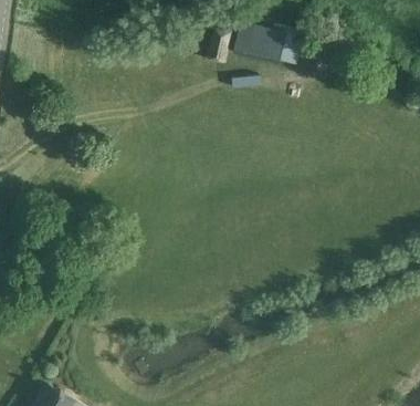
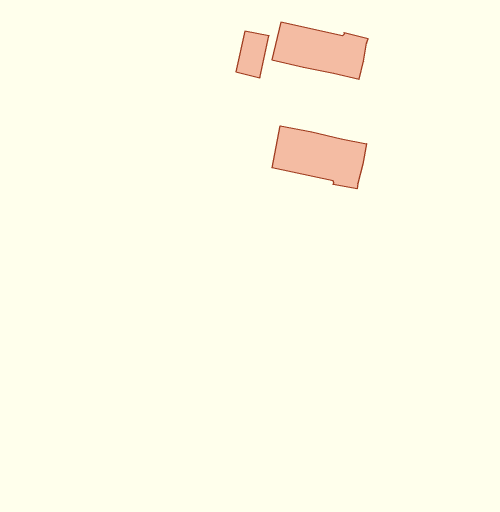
building: none -> [272,126,367,189]

